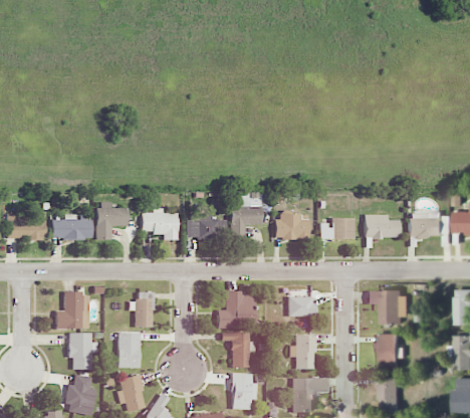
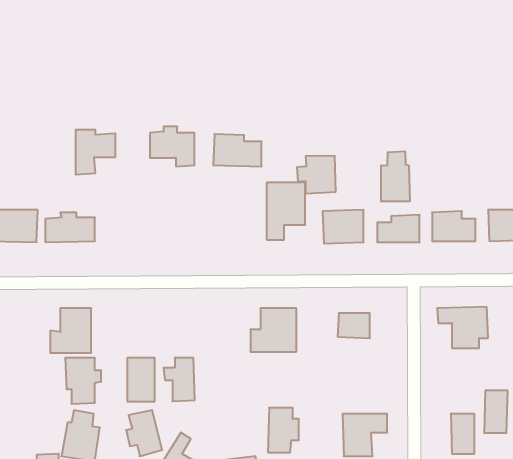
building: none -> [381,151,410,201]
building: none -> [297,156,336,194]
building: [94,204,127,240] -> [76,130,115,175]
building: [140,208,176,240] -> [150,127,195,166]
building: [185,213,224,239] -> [213,134,262,166]
building: [127,292,152,328] -> [164,358,195,401]
building: [219,332,253,367] -> none
building: [288,335,313,369] -> none
building: [379,335,398,369] -> [484,391,508,433]

